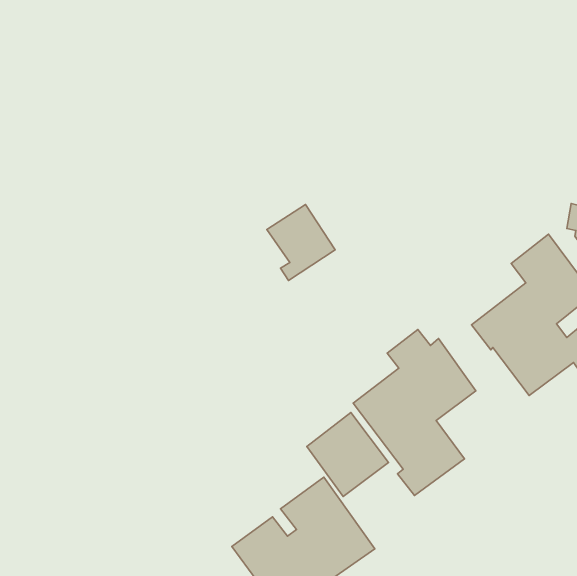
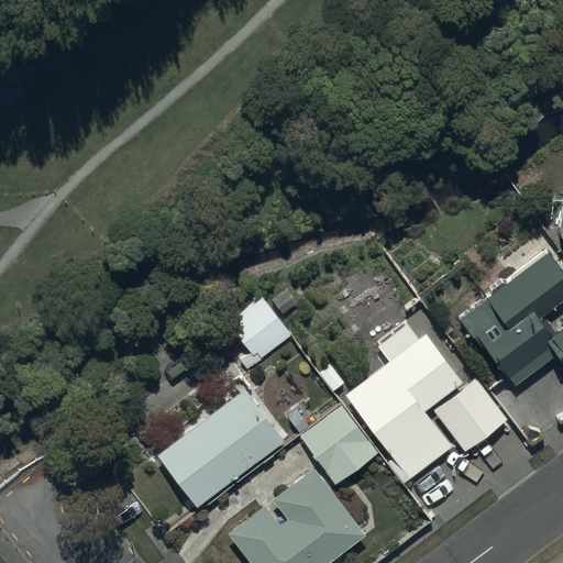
building: [267,205,335,281] -> [229,298,295,372]
building: none -> [435,379,507,451]
building: none -> [157,384,286,505]

